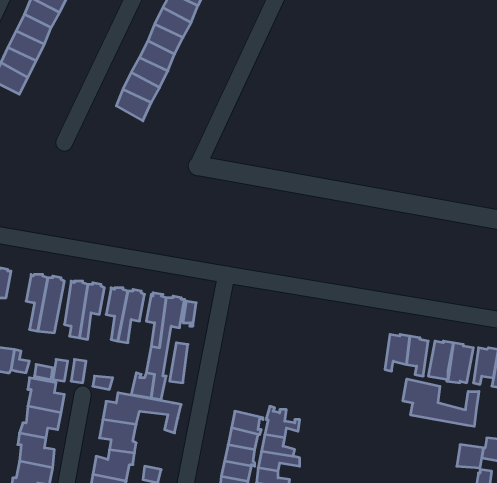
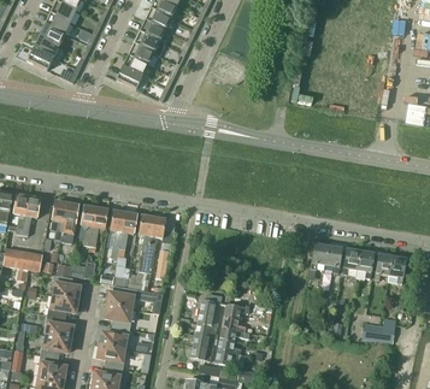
building: [403,379,479,426] -> none

